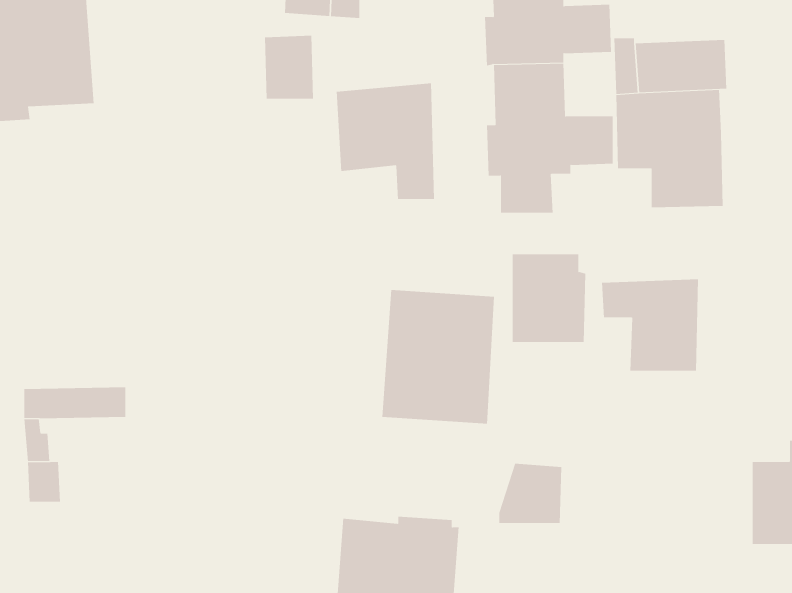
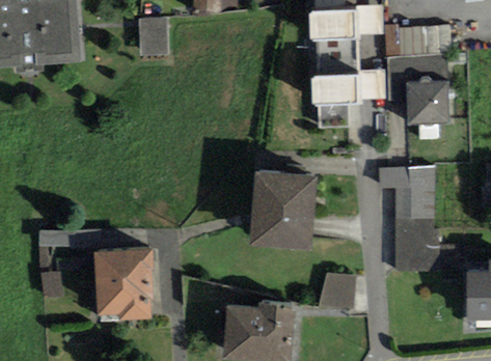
building: [264,35,314,99] -> [138,17,167,54]
building: [336,83,434,200] -> none
building: [512,254,586,342] -> [394,219,438,271]
building: none -> [93,248,155,321]

